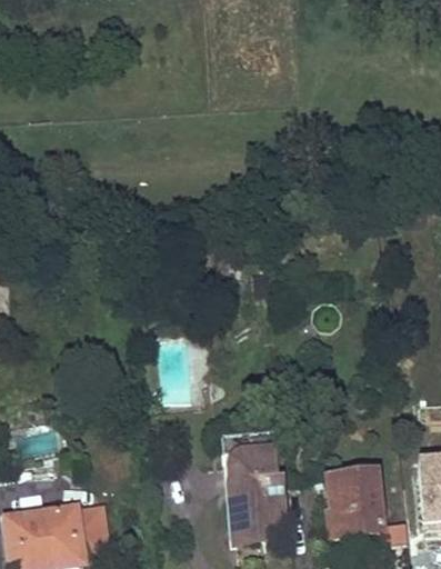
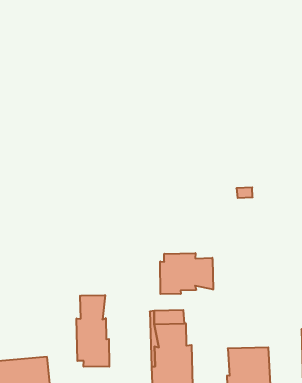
building: none -> [160,253,213,294]
building: none -> [77,295,109,367]

